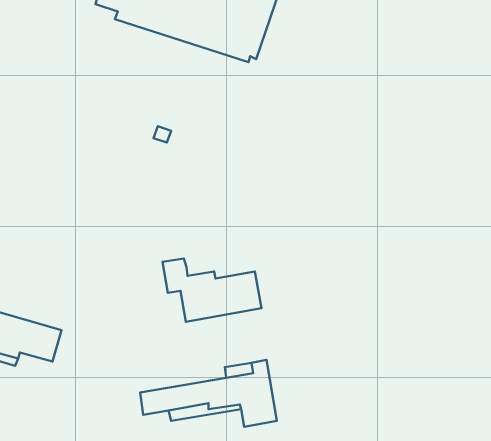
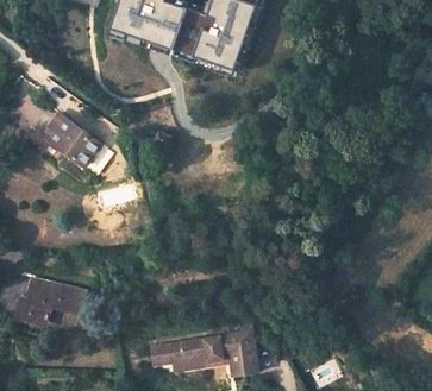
building: none -> [44,115,101,164]
building: [162,259,262,322] -> none

